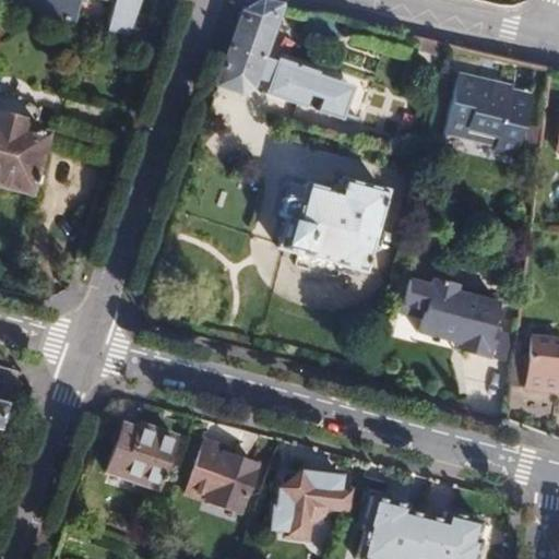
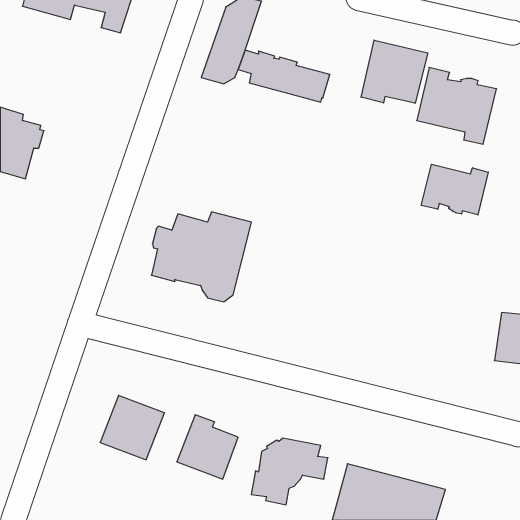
building: none -> [361,40,428,103]
building: none -> [421,164,488,215]
building: [283,179,390,275] -> [151,212,251,302]
building: [400,293,499,372] -> none

